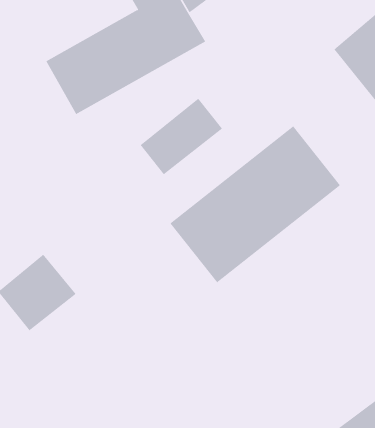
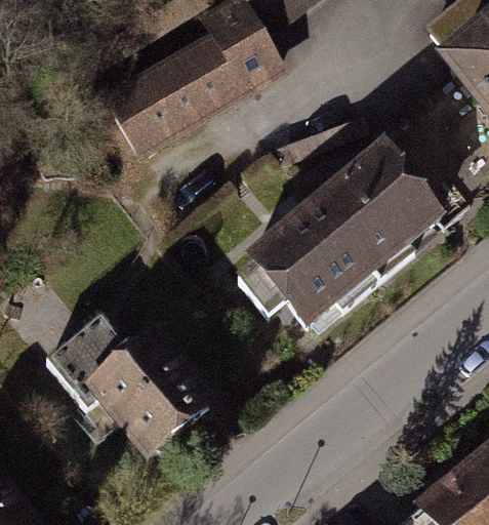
building: [140,98,223,175] -> none
building: none -> [83,335,214,468]

